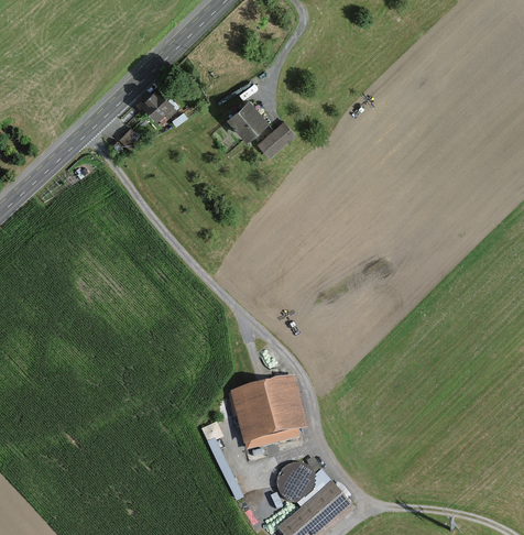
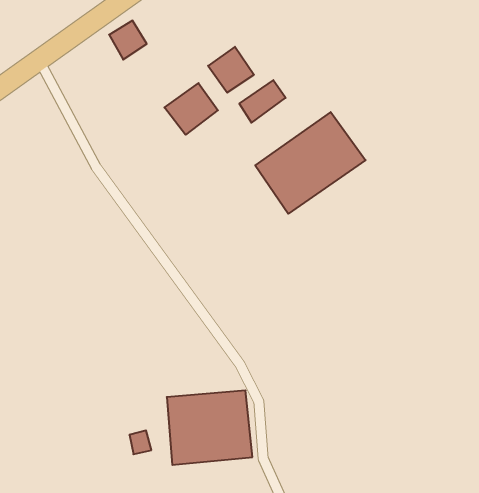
building: none -> [164,83,218,135]
building: none -> [255,112,366,214]

